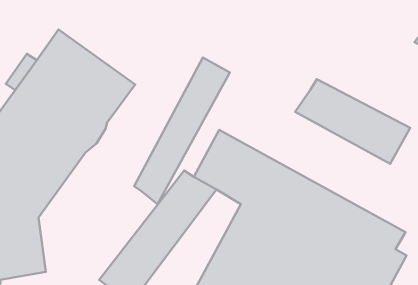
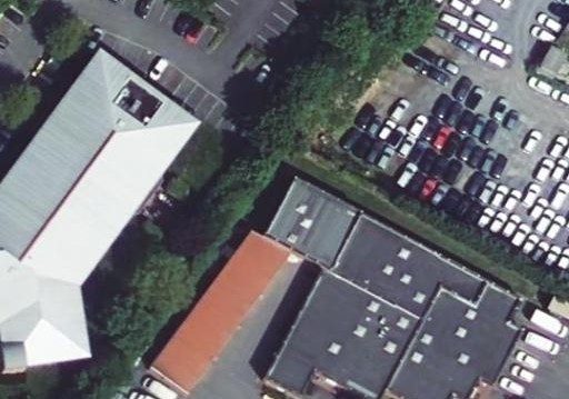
building: [134,57,230,204] -> none
building: [295,79,410,164] -> none

